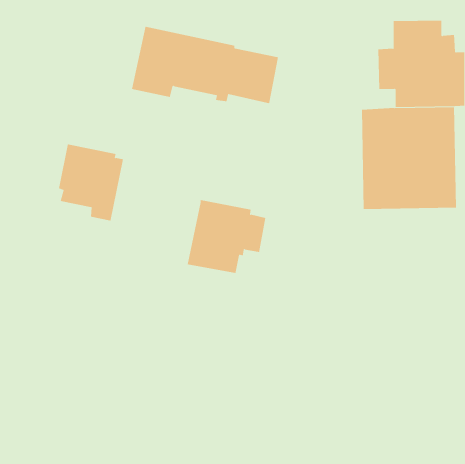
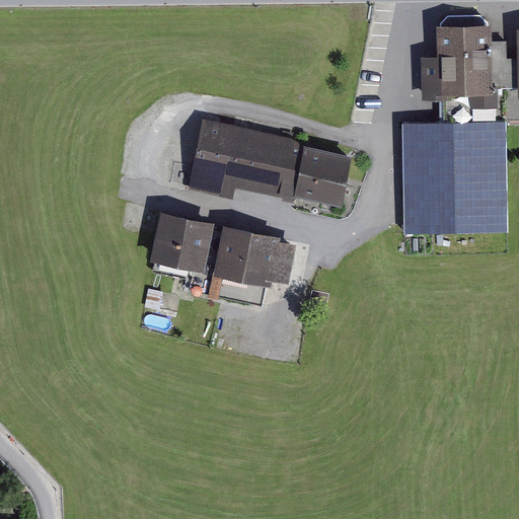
building: [131,26,279,104] -> [188,121,352,207]
building: [58,144,124,221] -> [149,210,222,296]

